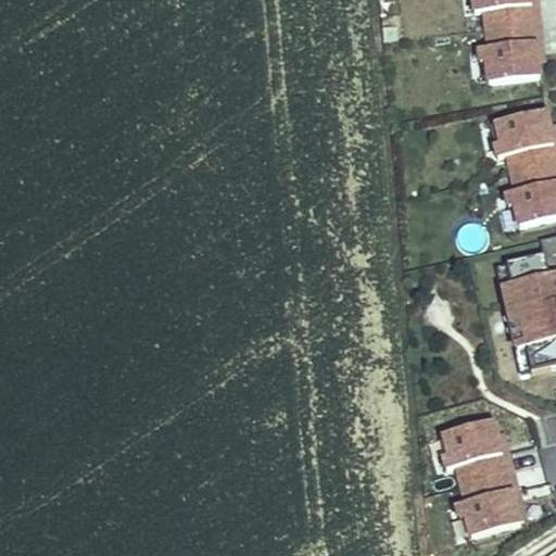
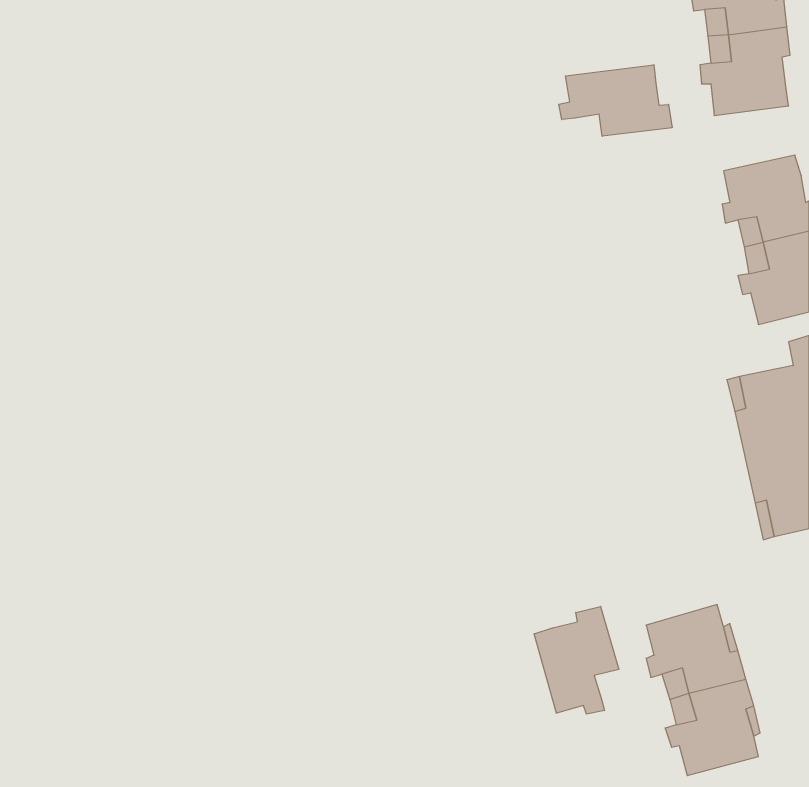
building: none -> [559,65,672,136]
building: none -> [534,606,619,714]

